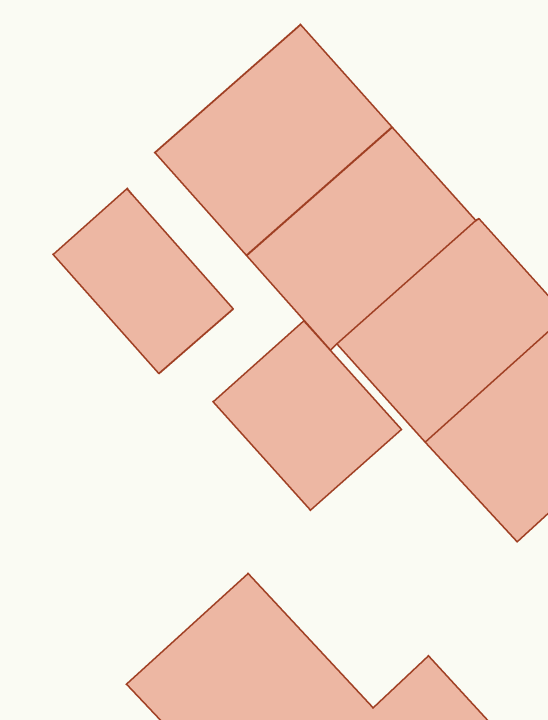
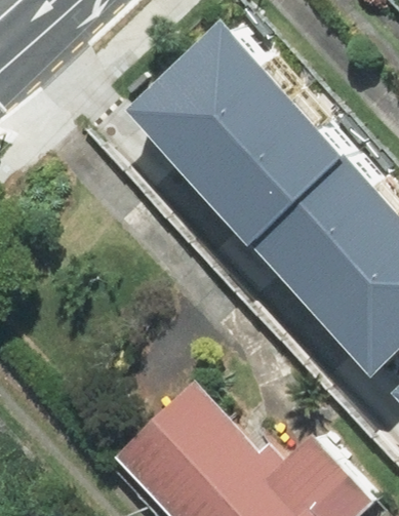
building: [53,188,233,373] -> none
building: [213,321,401,510] -> none

